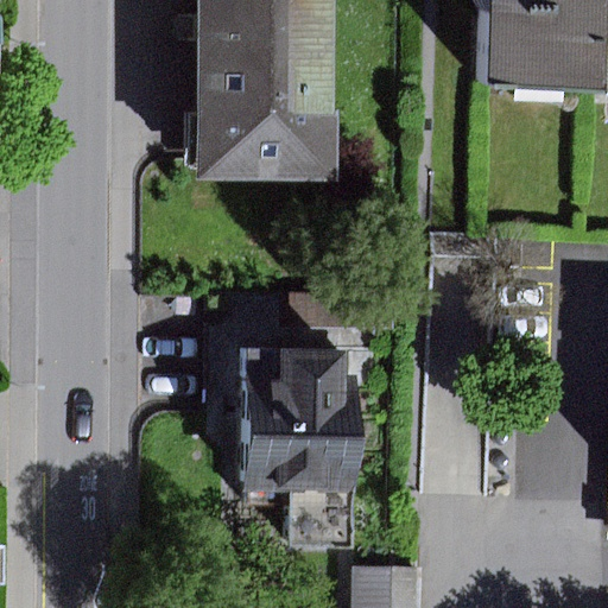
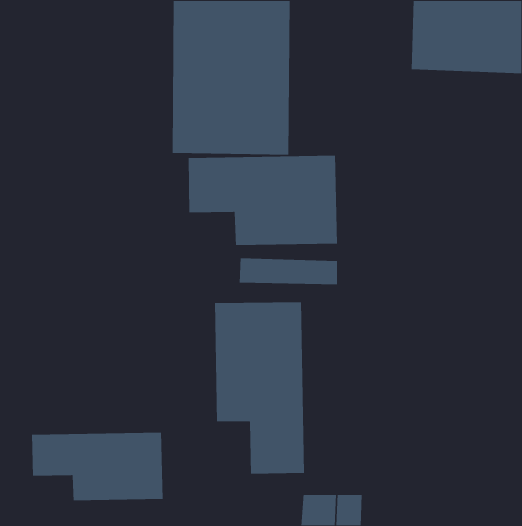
building: none -> [188,155,338,246]
building: none -> [31,432,163,501]

